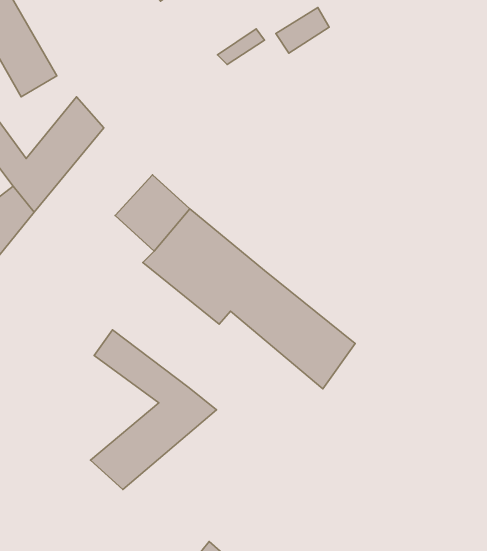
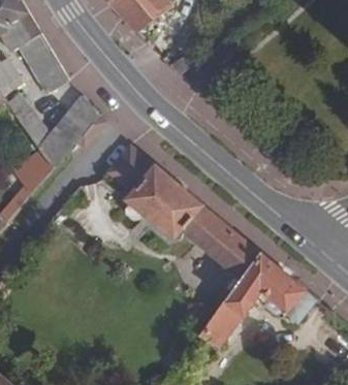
building: [90,330,216,489] -> none
building: none -> [186,251,316,356]

